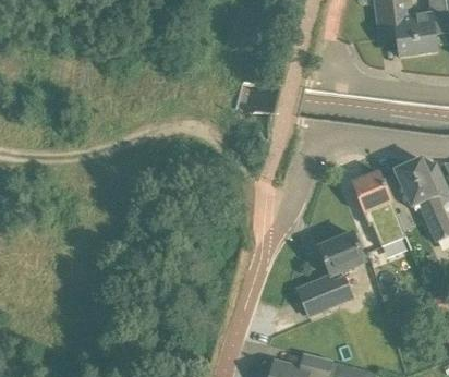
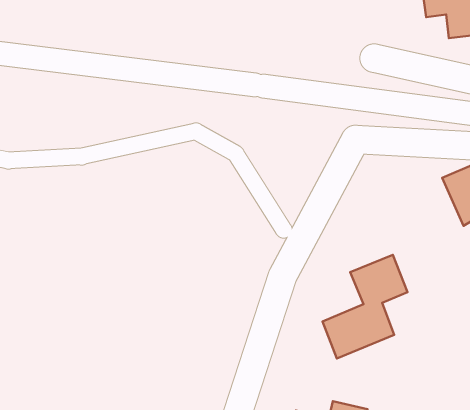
building: [351,171,391,230] -> none

